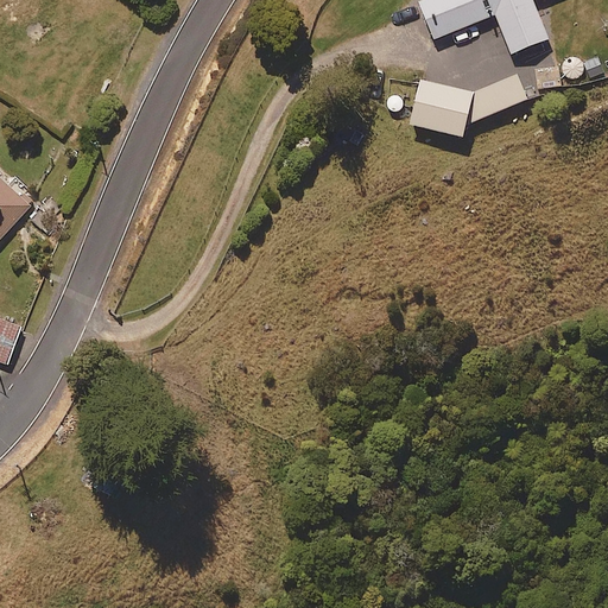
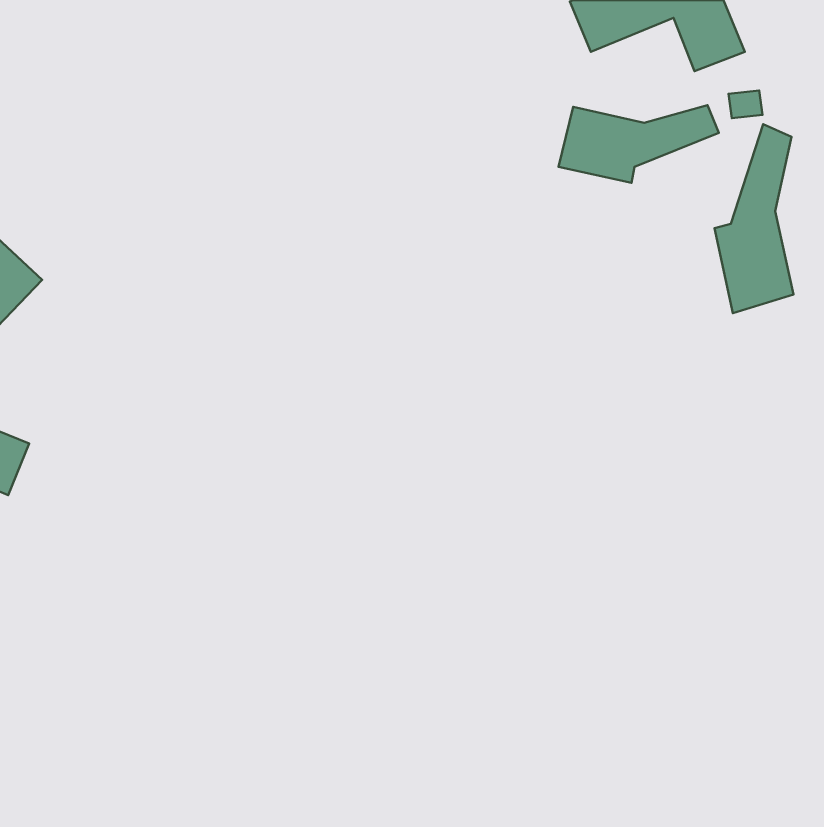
building: none -> [714,124,793,313]

